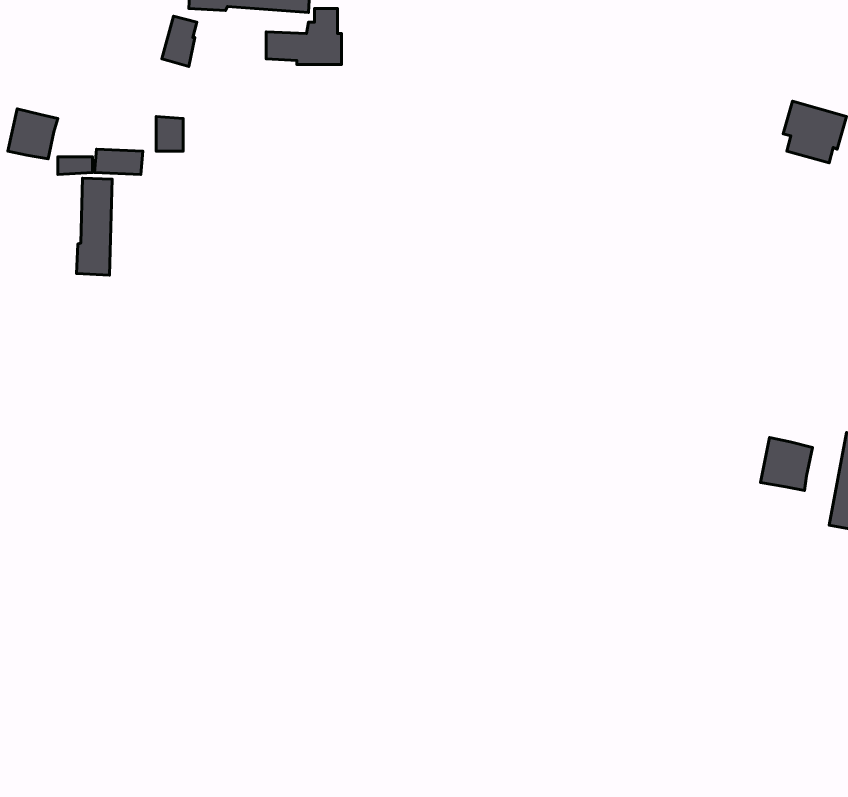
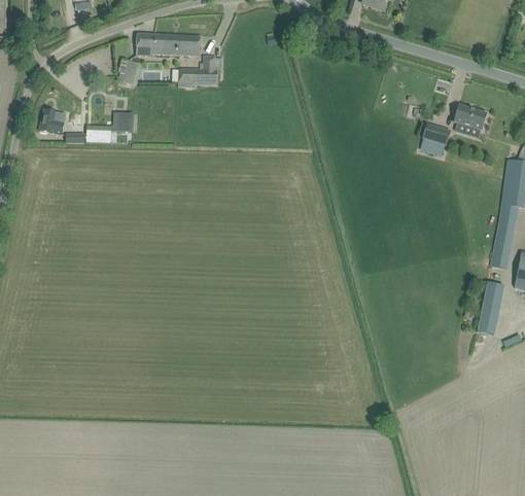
building: none -> [422,123,450,145]
building: [77,178,112,275] -> none
building: [761,437,812,491] -> none

